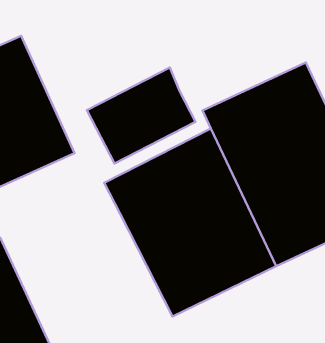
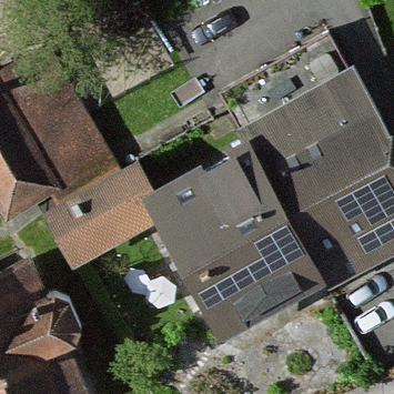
building: [87,67,196,163] -> [44,173,158,273]

